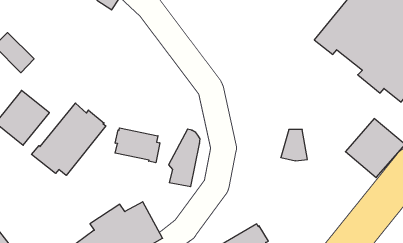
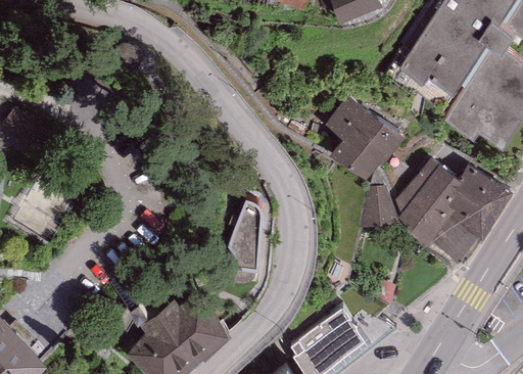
building: none -> [328,97,395,173]
building: none -> [400,145,480,265]
building: [32,103,106,175] -> none
building: [115,128,160,163] -> none

